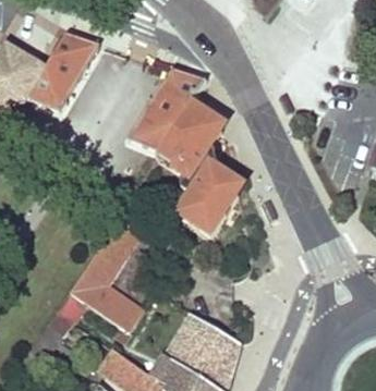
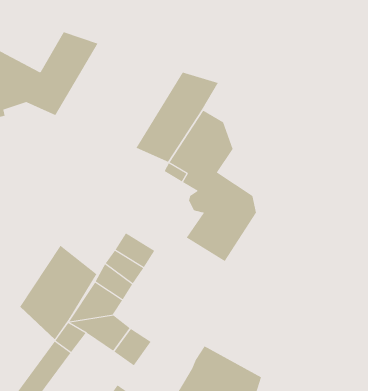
building: none -> [19,245,97,340]

